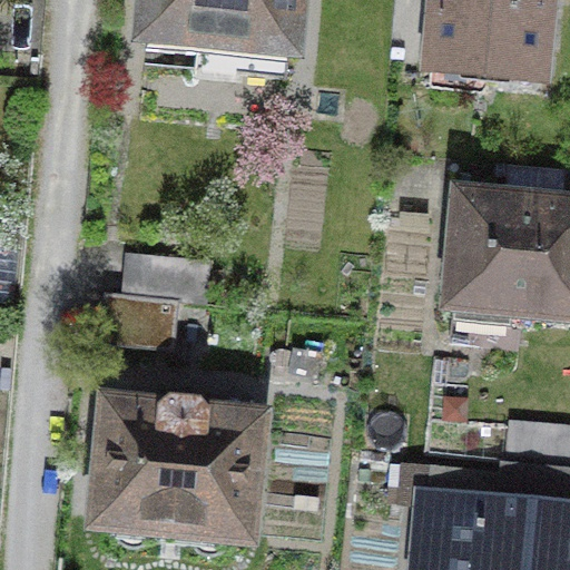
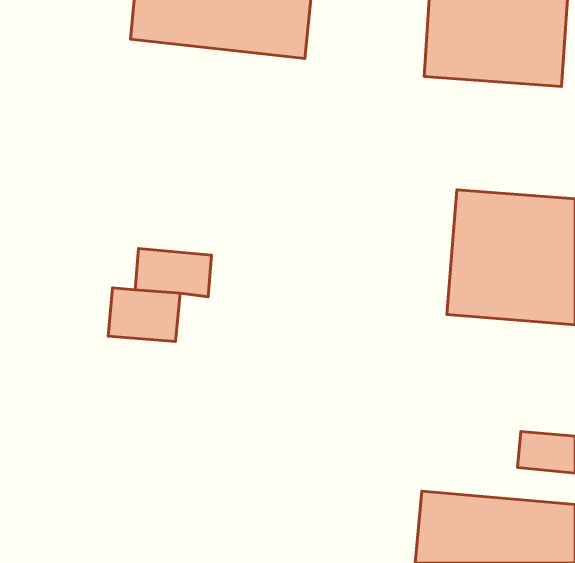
building: [79,389,267,546] -> none

